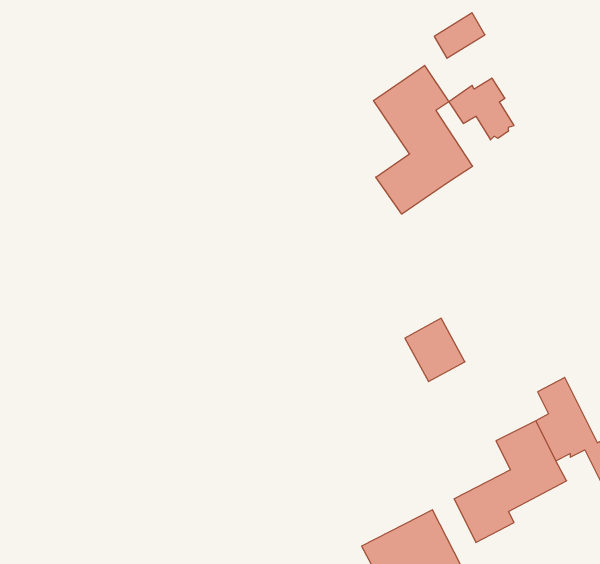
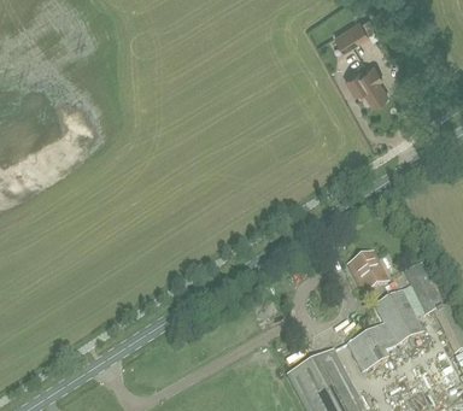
building: [374,65,473,214] -> none
building: [405,318,465,382] -> [347,251,387,293]

